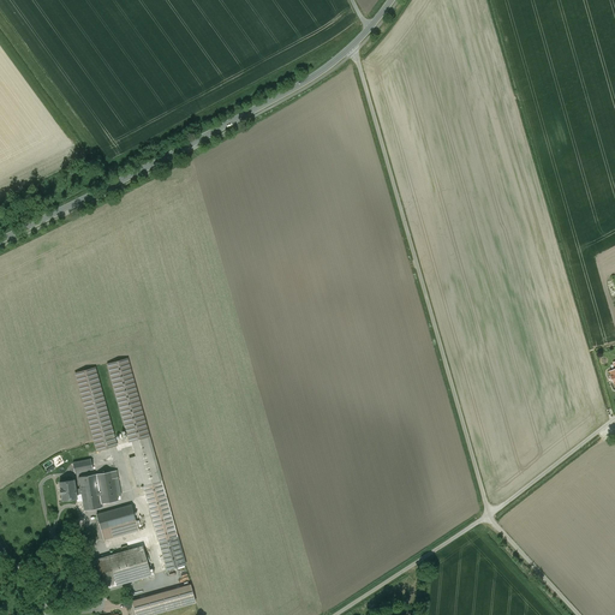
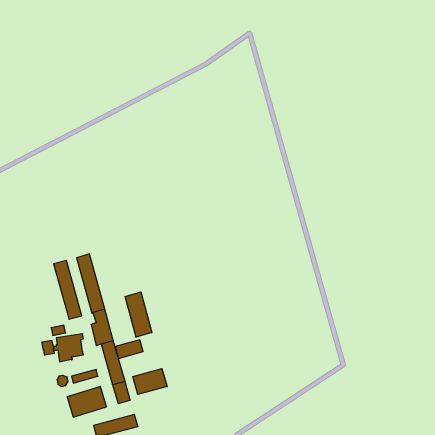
building: none -> [125,292,152,337]
building: [96,504,136,531] -> [115,340,143,358]
building: none -> [133,369,167,394]

